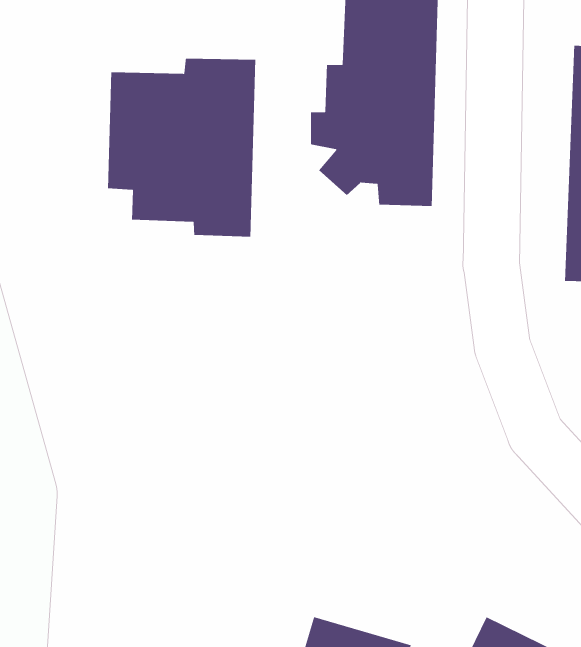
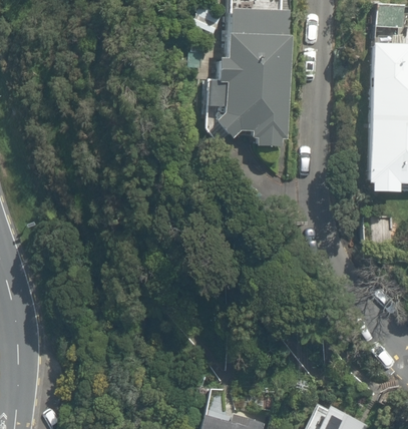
building: [107,58,256,238] -> none

